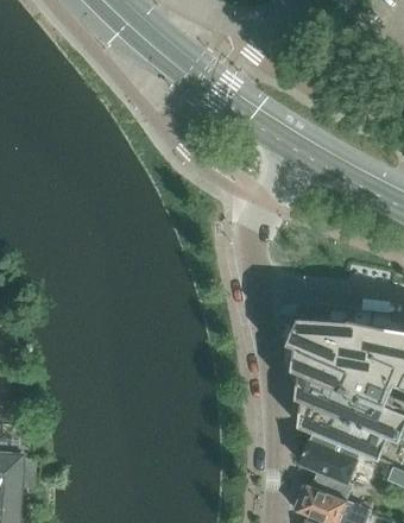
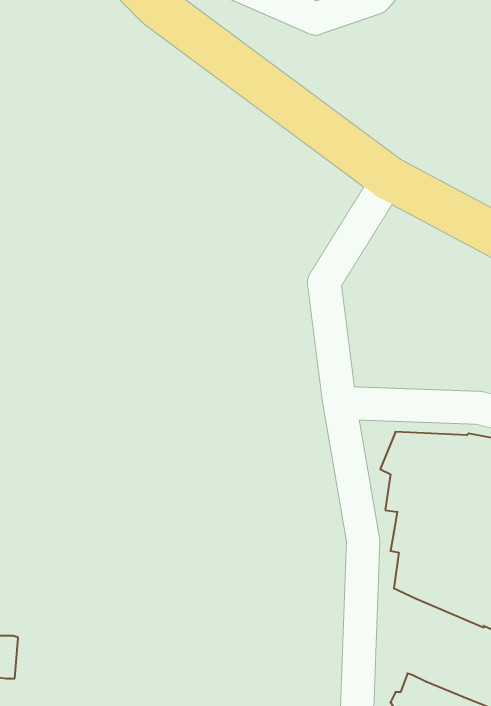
building: [301,433,361,502] -> none

